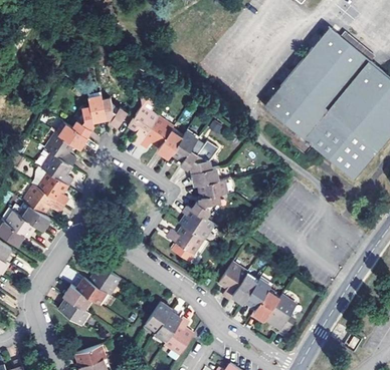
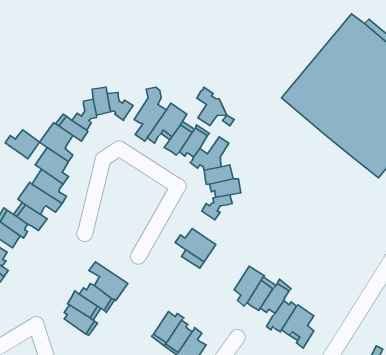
building: none -> [197,87,227,126]
building: none -> [5,130,39,159]
building: [181,208,213,242] -> none

